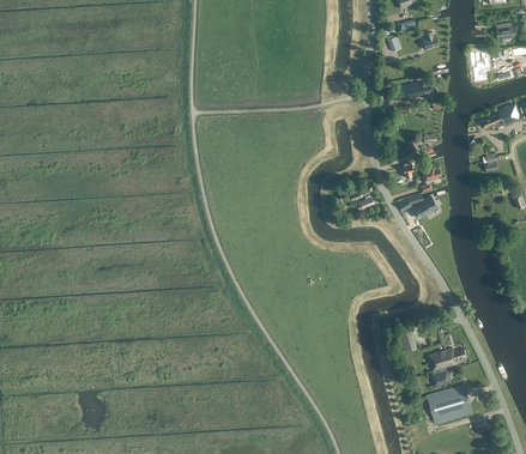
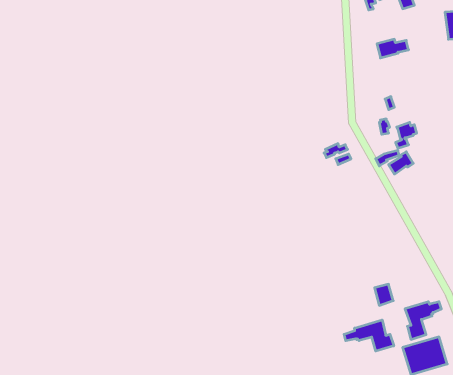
building: none -> [344,320,394,351]

